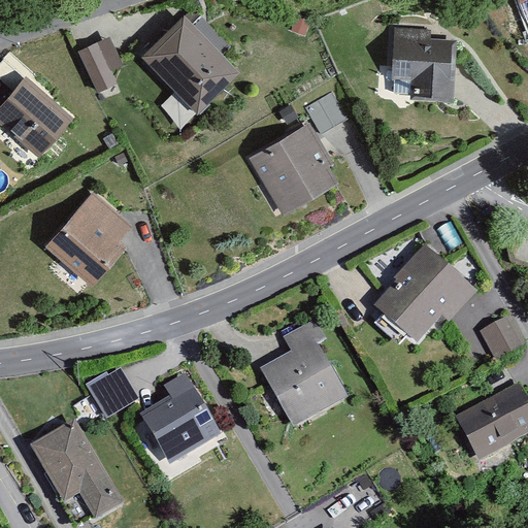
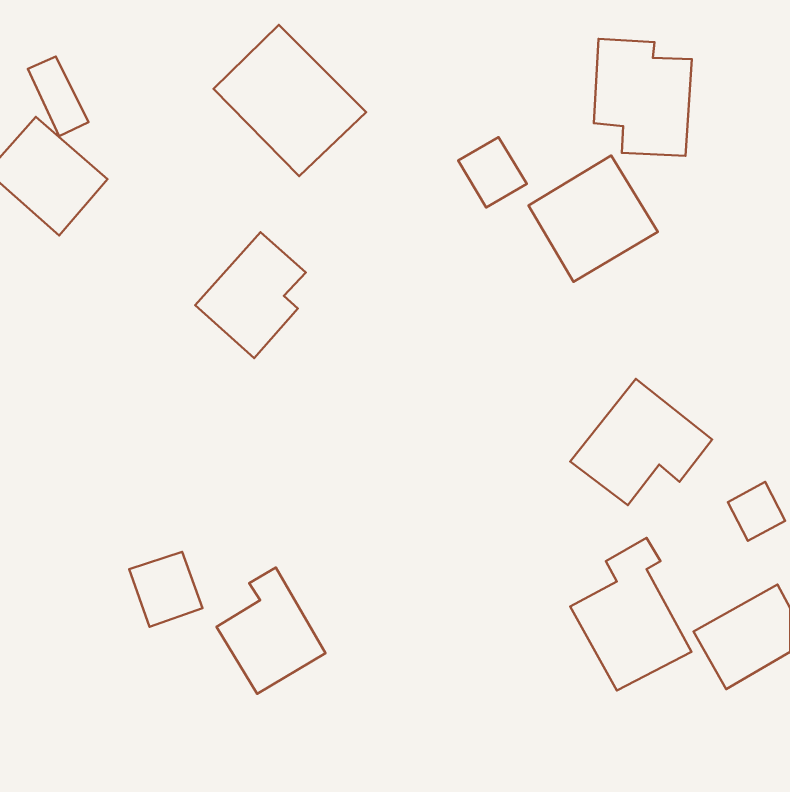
building: [76,41,117,94] -> [28,57,89,136]
building: [253,124,338,207] -> [528,156,658,282]
building: [48,194,122,277] -> [195,232,306,358]
building: [263,322,343,423] -> [570,538,692,691]
building: [33,423,117,514] -> none

